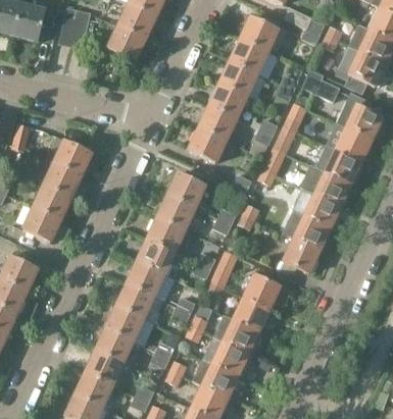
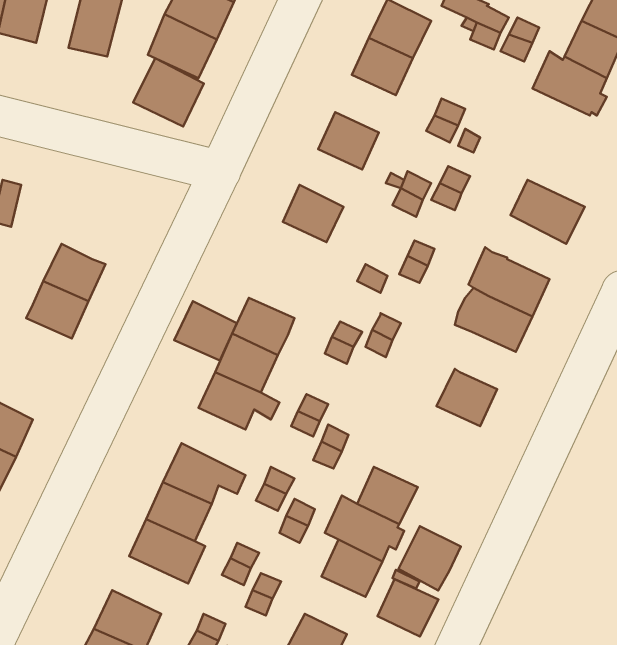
building: none -> [133,58,204,127]
building: [219,60,256,95] -> none
building: [301,69,340,102] -> none
building: [336,92,381,140] -> none
building: [198,105,236,140] -> none
building: [52,137,91,174] -> none
building: [314,145,359,184] -> none
building: [167,171,205,207] -> [174,301,237,360]
building: [22,207,60,242] -> none
building: [292,215,329,250] -> none
building: [127,261,165,297] -> none
building: [243,274,280,309] -> none
building: none -> [399,526,461,590]
building: [85,351,124,385] -> none
building: [201,363,238,398] -> [378,579,438,637]

